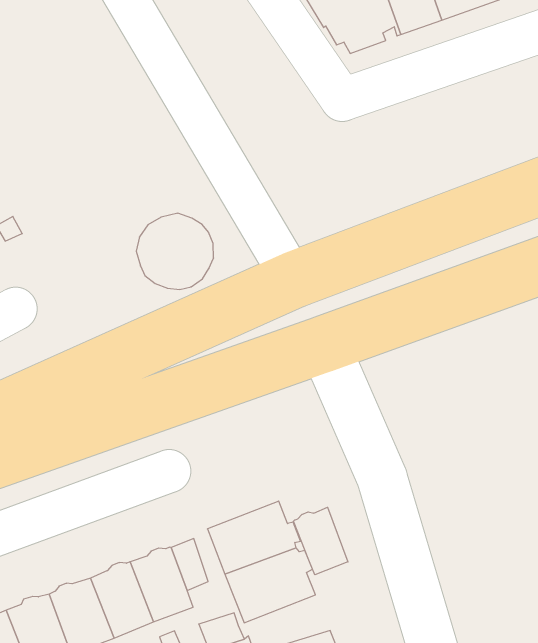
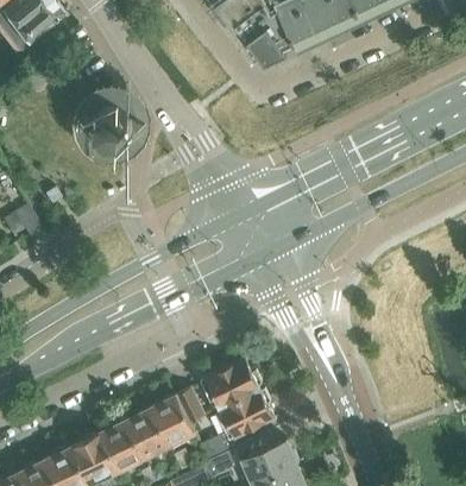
building: [136,213,214,289] -> [86,99,137,149]
building: [294,507,348,575] -> none

